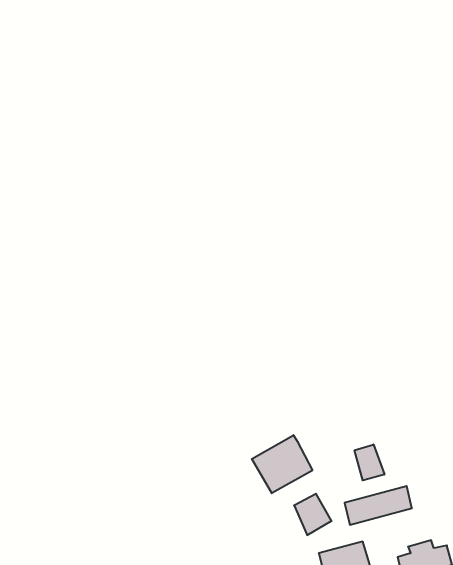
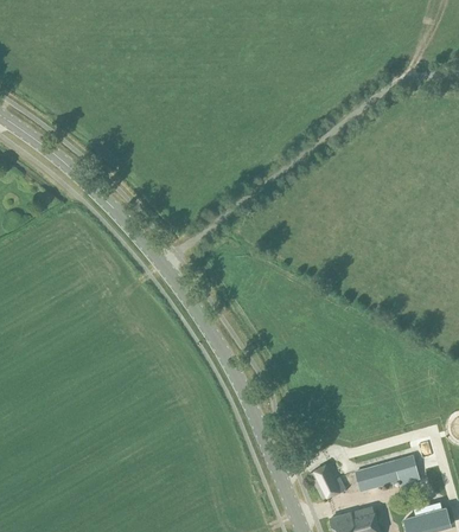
building: [252,435,312,493] -> none
building: [355,444,384,480] -> none

